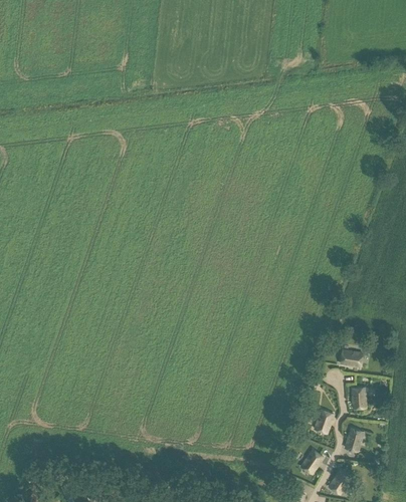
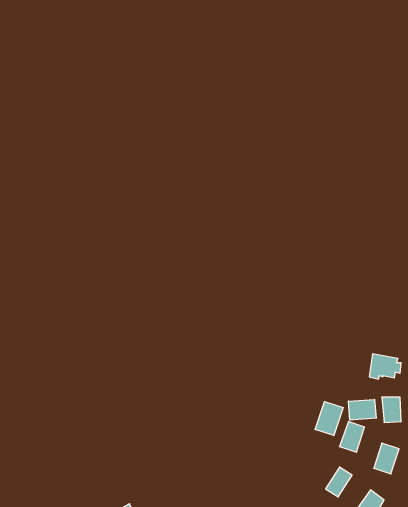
building: none -> [348,399,376,420]
building: none -> [315,402,343,436]

